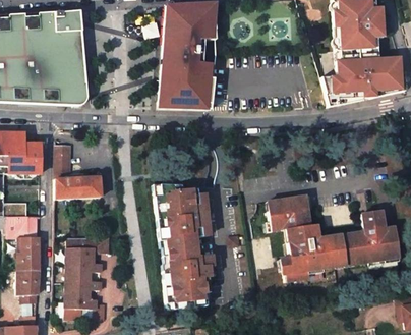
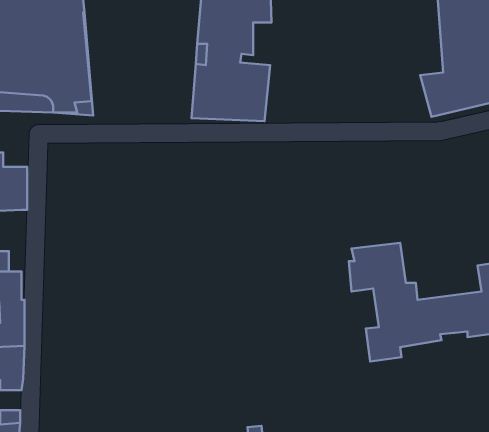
building: [192,40,216,70] -> none
building: [54,145,101,199] -> none
building: [155,184,215,309] -> none
building: [64,238,108,321] -> none

